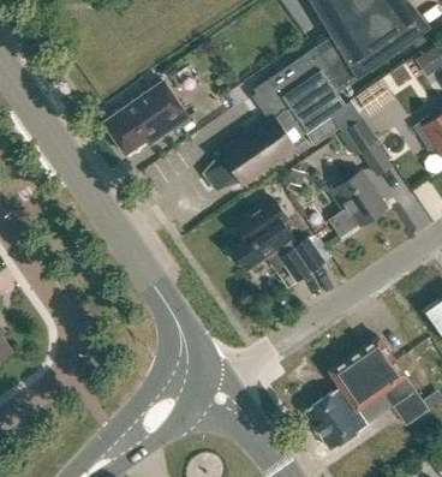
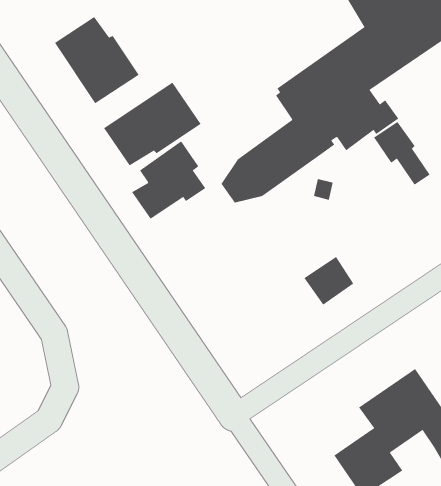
building: none -> [54,16,139,104]
building: [328,171,388,227] -> none
building: [228,197,294,267] -> [131,140,206,219]

